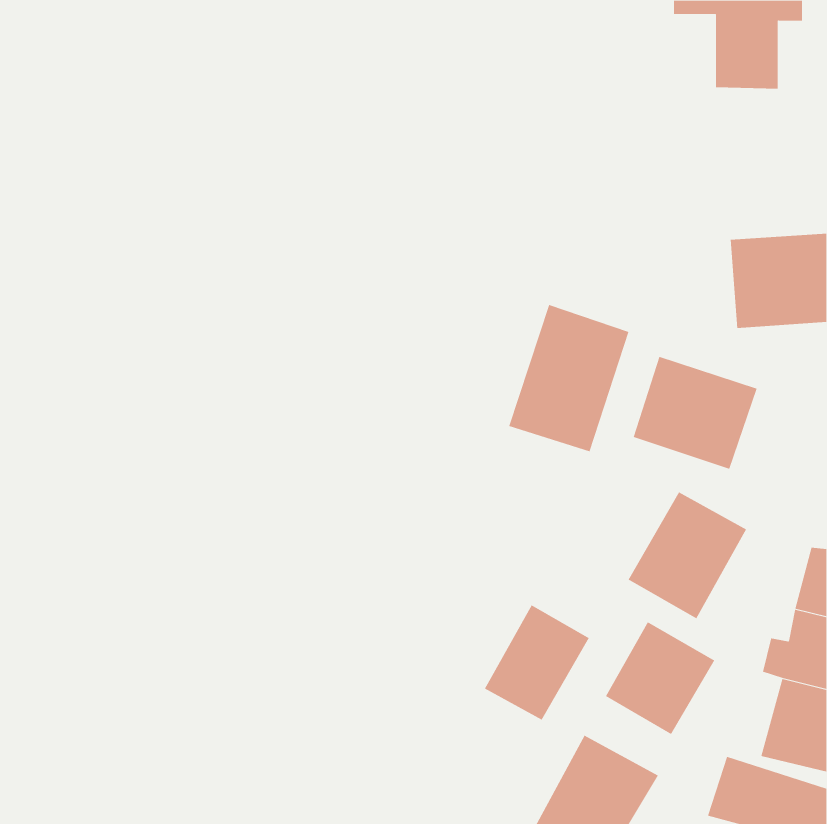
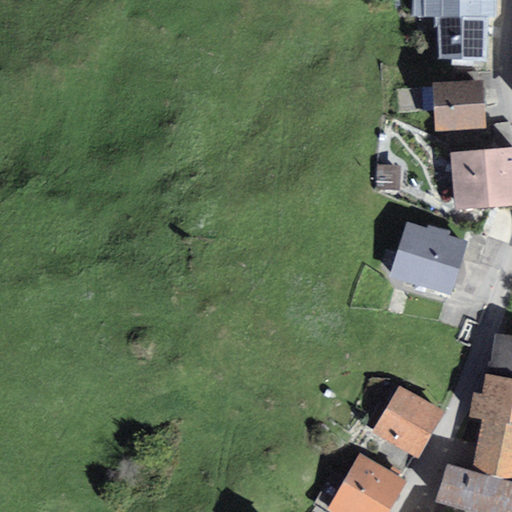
building: none -> [432,79,485,126]
building: [509,304,629,452] -> none
building: [628,491,747,619] -> none
building: [484,605,589,721] -> none

